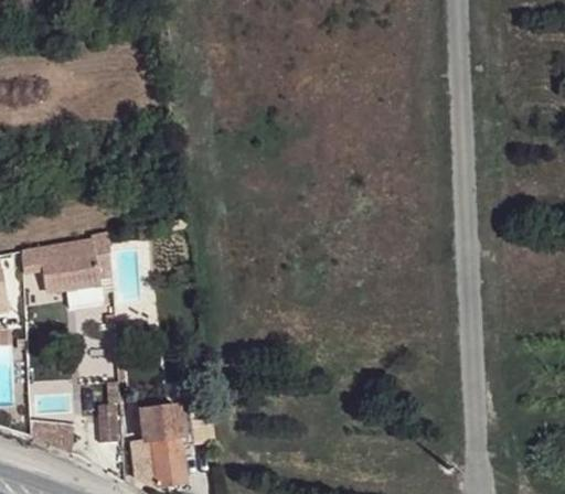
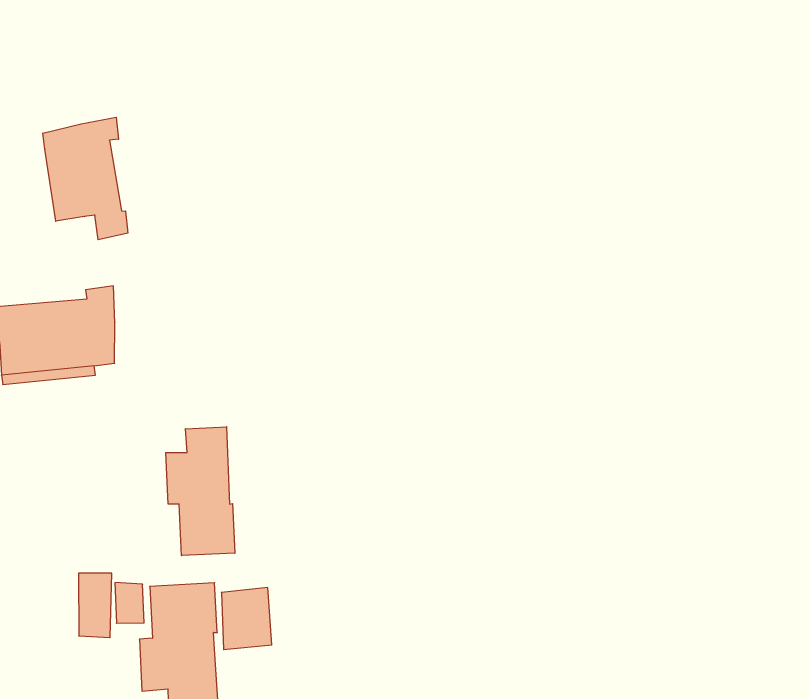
building: none -> [43,117,128,240]
building: none -> [166,427,235,556]

